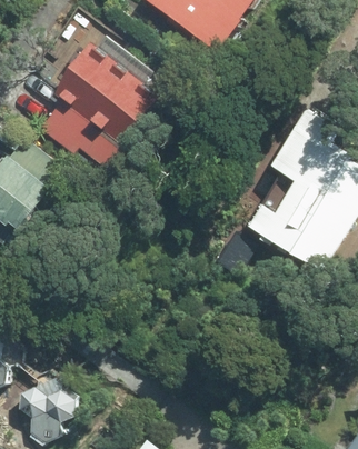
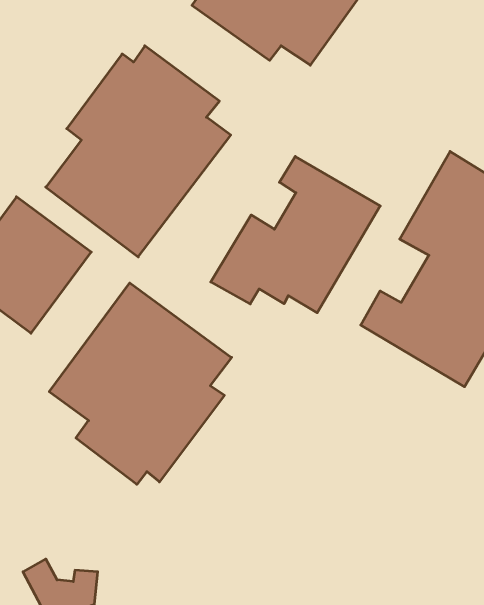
building: none -> [211,156,380,313]
building: none -> [49,283,232,484]

